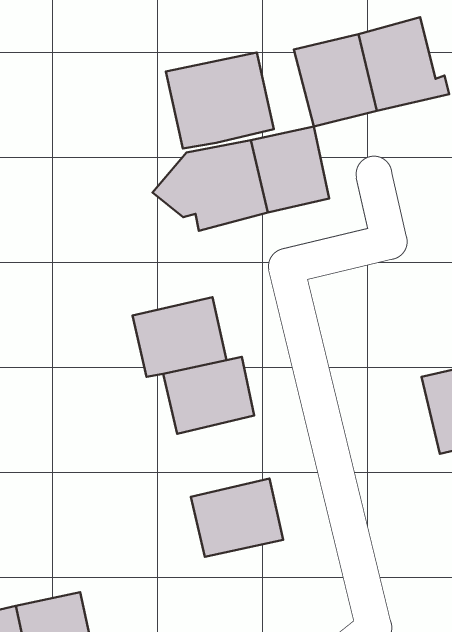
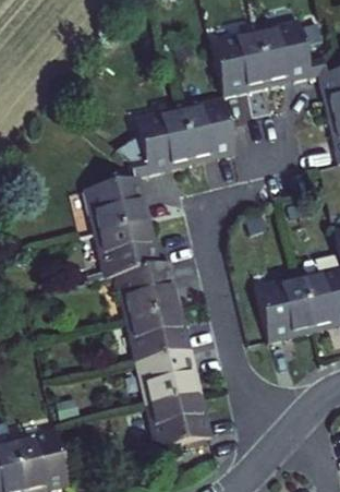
building: [166,52,274,148] -> none
building: none -> [84,160,151,232]
building: none -> [254,276,313,341]
building: none -> [126,303,192,361]
building: none -> [146,392,212,449]

